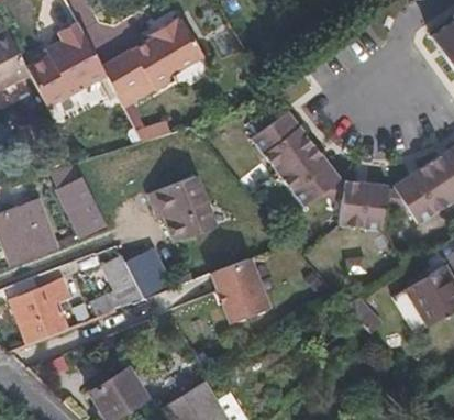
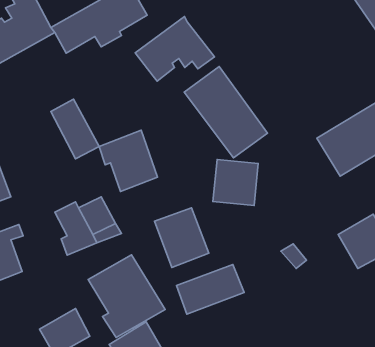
building: none -> [135,16,214,81]
building: [57,174,109,237] -> [51,99,99,159]
building: [332,183,380,232] -> [213,159,258,206]
building: none -> [88,255,165,338]
building: none -> [177,264,244,314]

